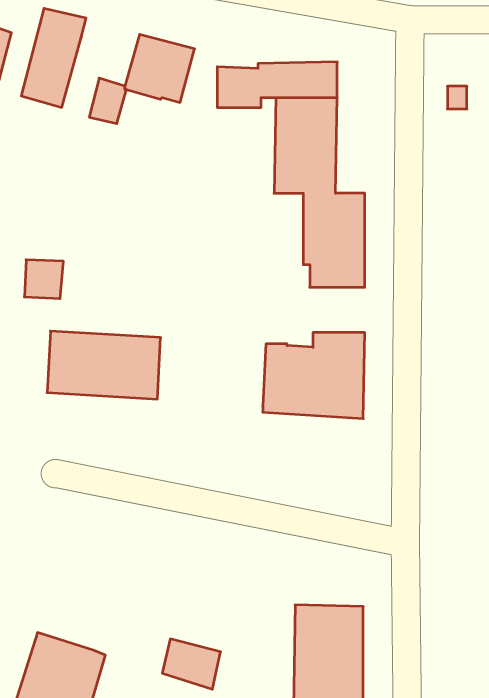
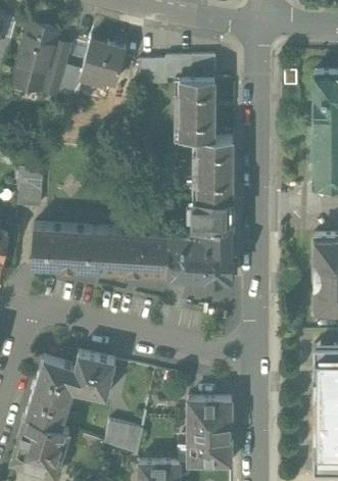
building: none -> [42,42,71,92]
building: none -> [193,199,233,228]
building: none -> [102,231,171,274]
building: none -> [27,353,115,428]

